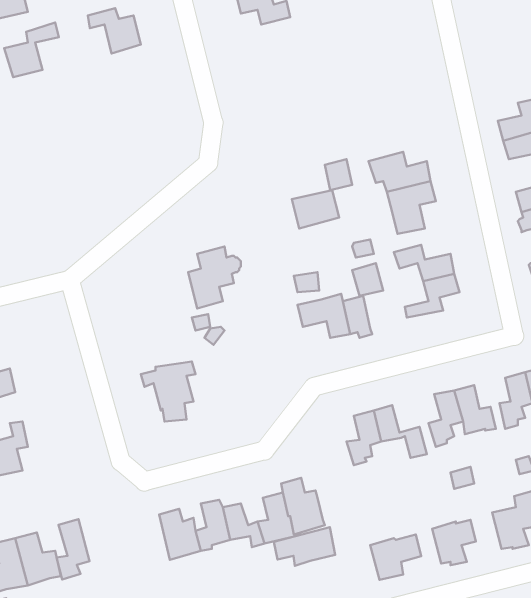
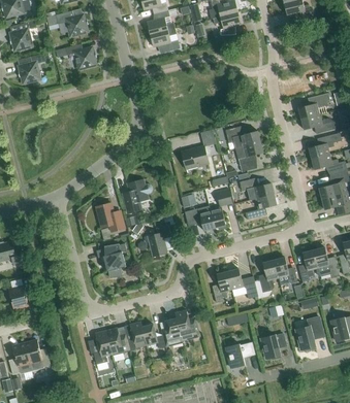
building: none -> [95,202,124,231]
building: none -> [147,224,170,256]
building: [57,519,89,579] -> [93,330,112,364]
building: [274,527,335,566] -> none

